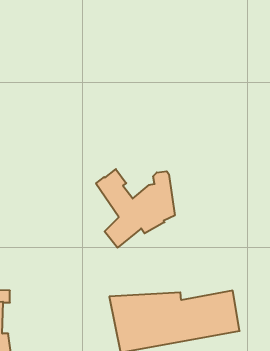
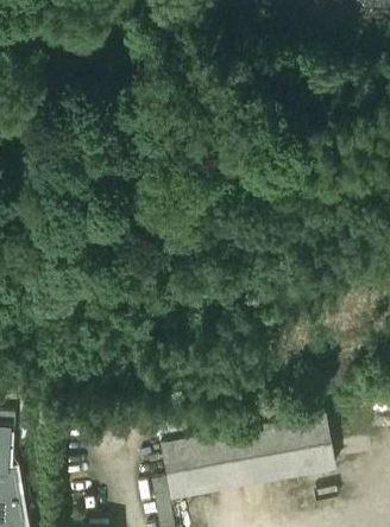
building: [96,169,175,248] -> none

